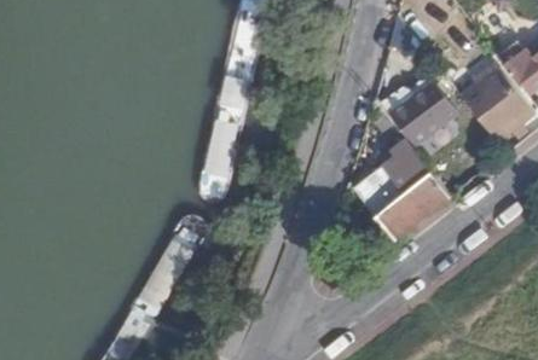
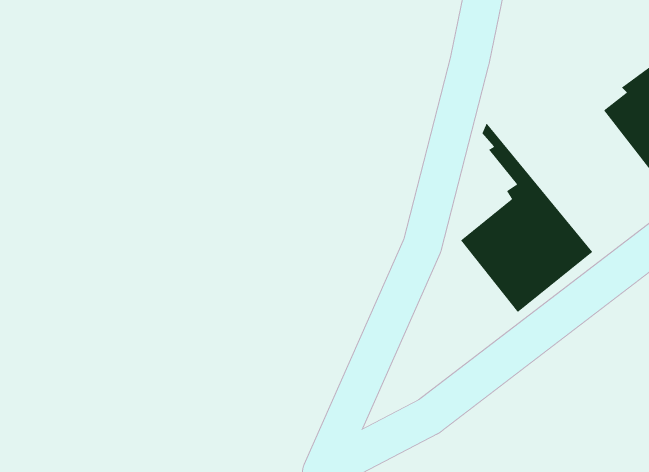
building: [392,91,451,150] -> none

